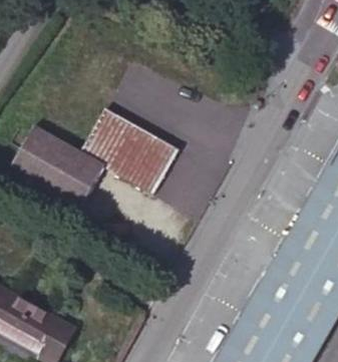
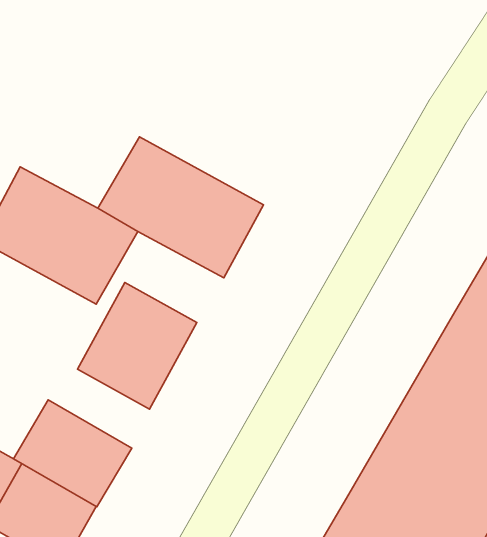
building: none -> [78,283,197,409]
building: none -> [13,400,132,507]

